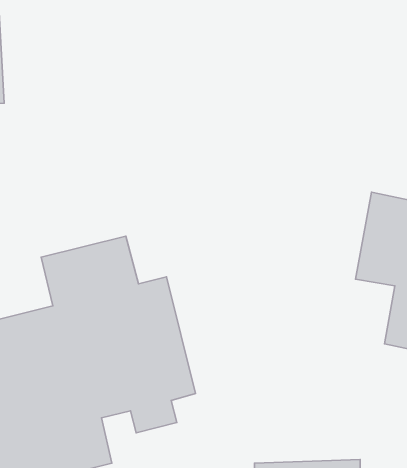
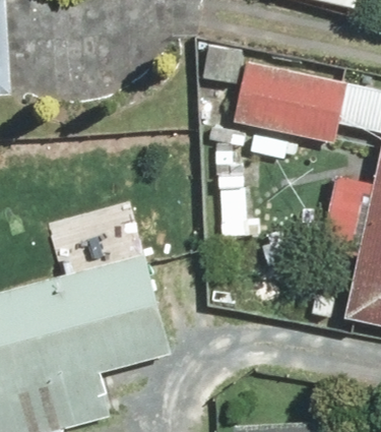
building: none -> [201,37,340,143]

